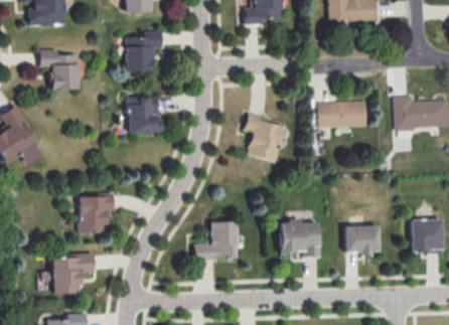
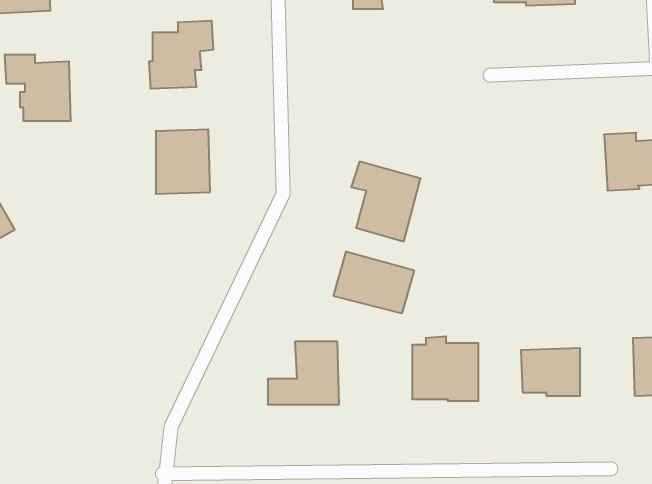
building: [317,101,366,128] -> none
building: none -> [334,251,414,313]
building: [79,193,114,232] -> none
building: [50,253,94,294] -> none

